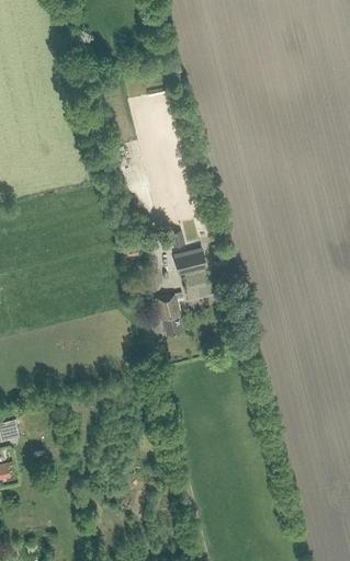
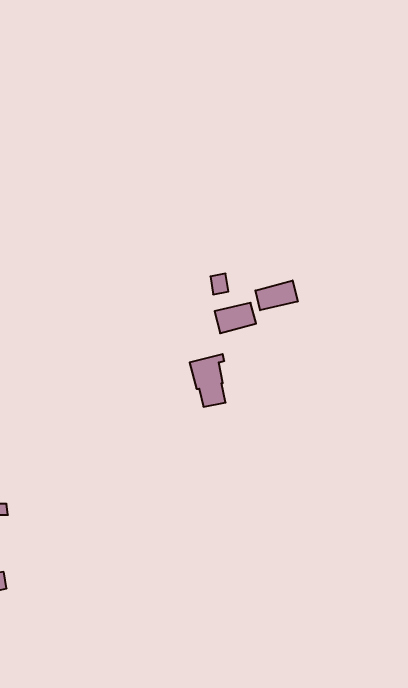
building: none -> [255,280,298,310]

